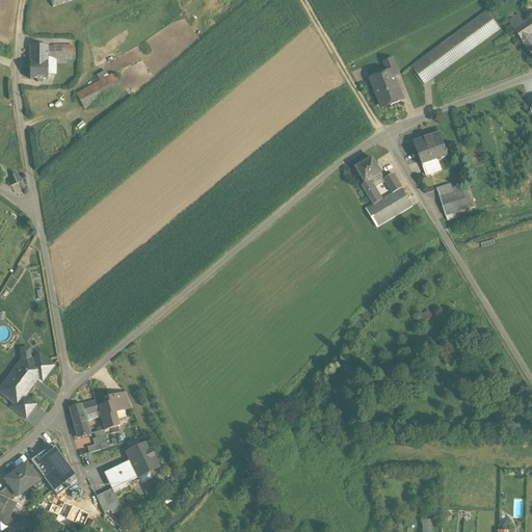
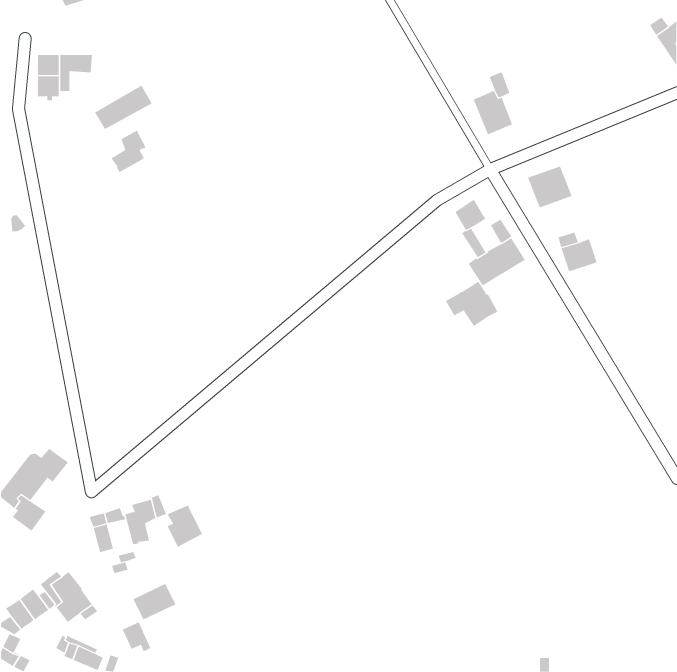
building: [410,8,500,82] -> none
building: none -> [111,129,146,173]
building: none -> [445,281,498,327]
building: [130,441,158,474] -> [167,505,203,547]

